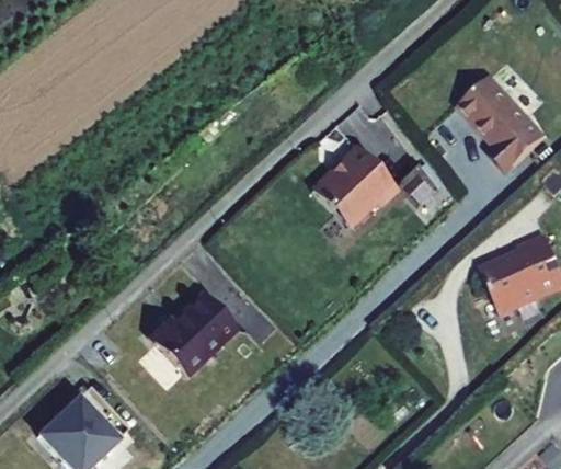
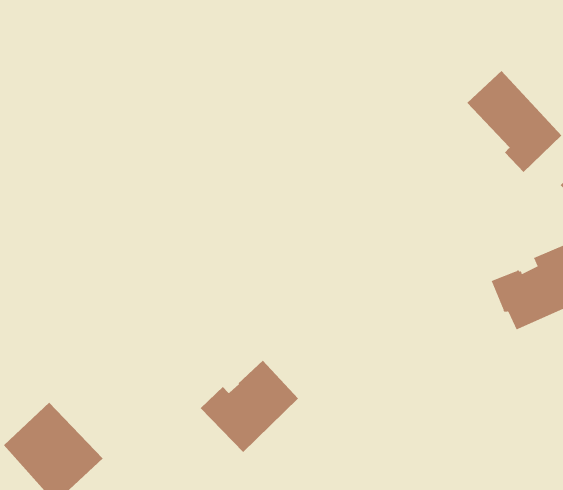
building: [313,145,399,227] -> none
building: [147,291,237,376] -> [200,360,299,453]

